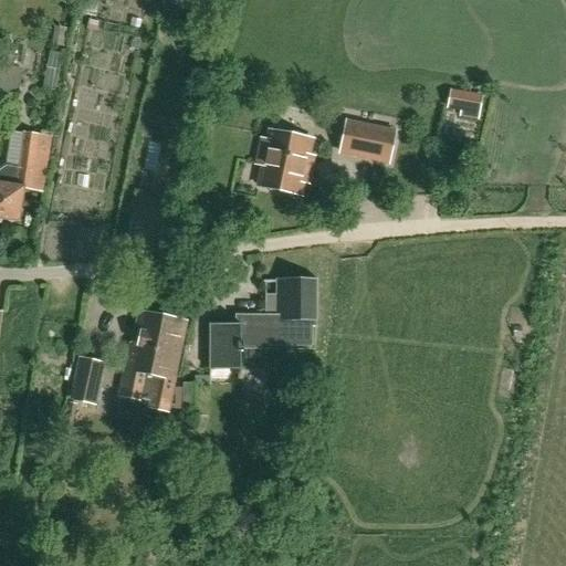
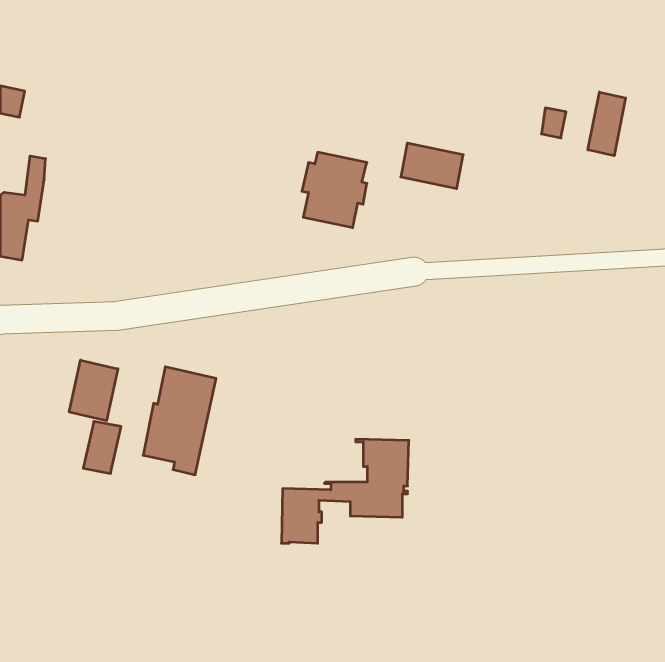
building: none -> [588,92,626,156]
building: [211,279,319,367] -> [281,439,409,543]
building: none -> [69,360,118,421]

